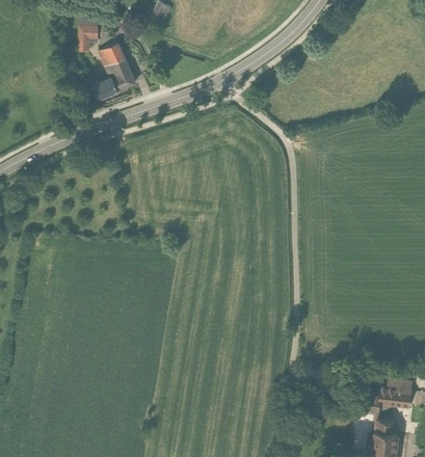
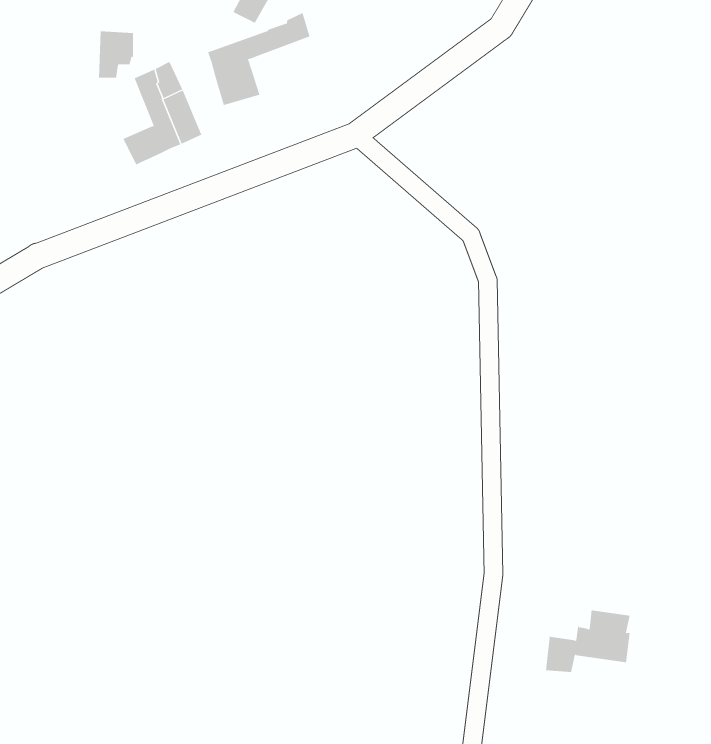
building: none -> [207,12,310,106]
building: [363,378,409,412] -> [545,610,630,672]

